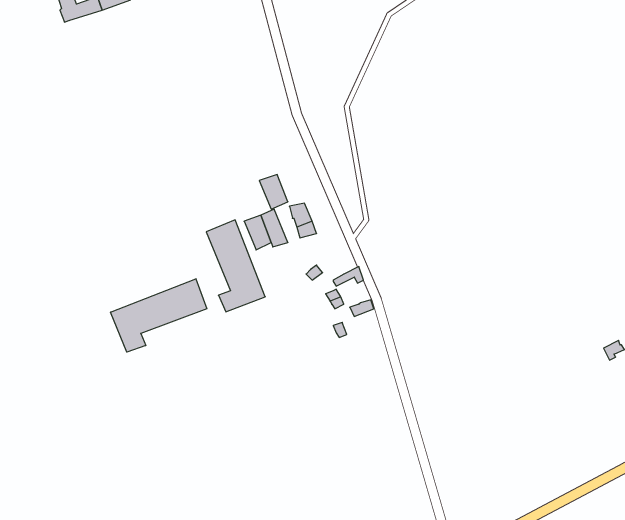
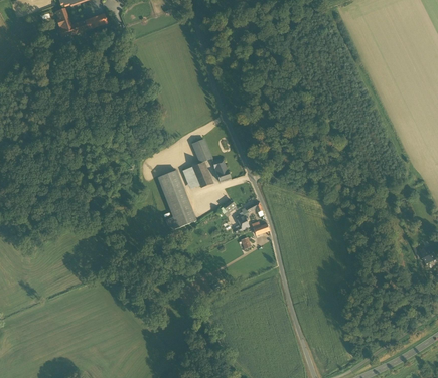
building: [111,279,207,352] -> none

